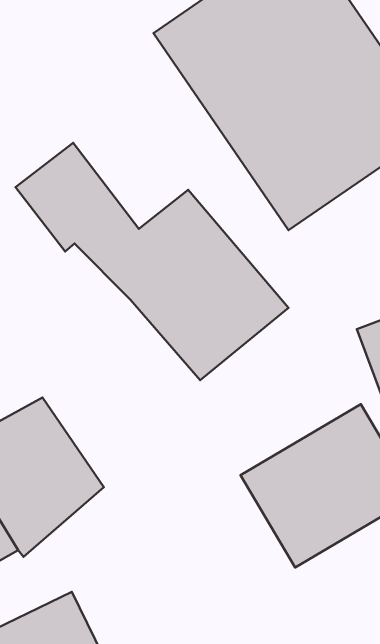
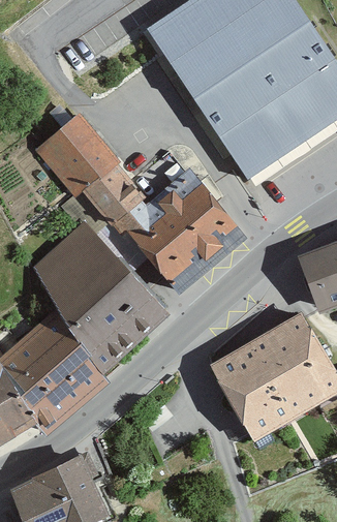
building: none -> [34,220,171,378]

